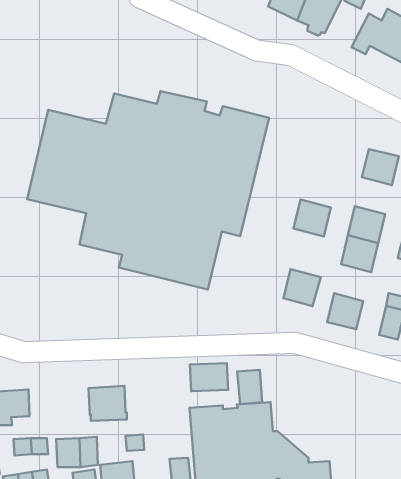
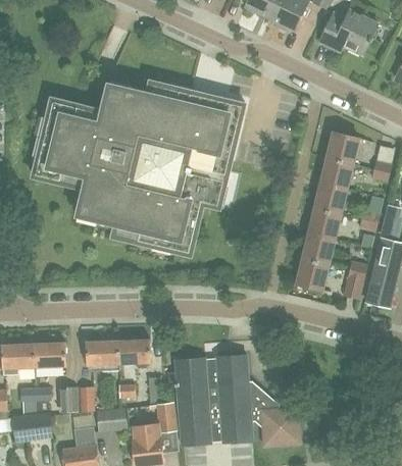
building: [294,199,331,237] -> [320,156,353,189]
building: [284,269,321,306] -> [302,232,335,265]
building: [190,363,228,391] -> [117,339,151,363]
building: [237,370,262,404] -> none
building: none -> [33,342,66,366]

